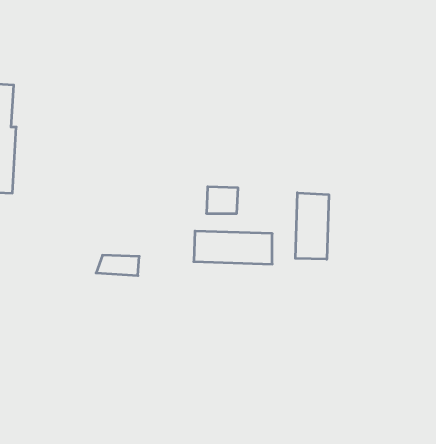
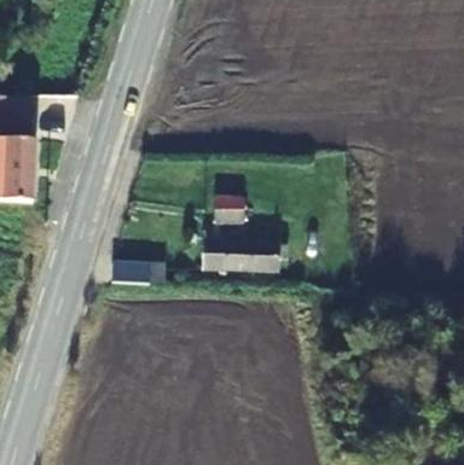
building: [295,193,329,259] -> none

